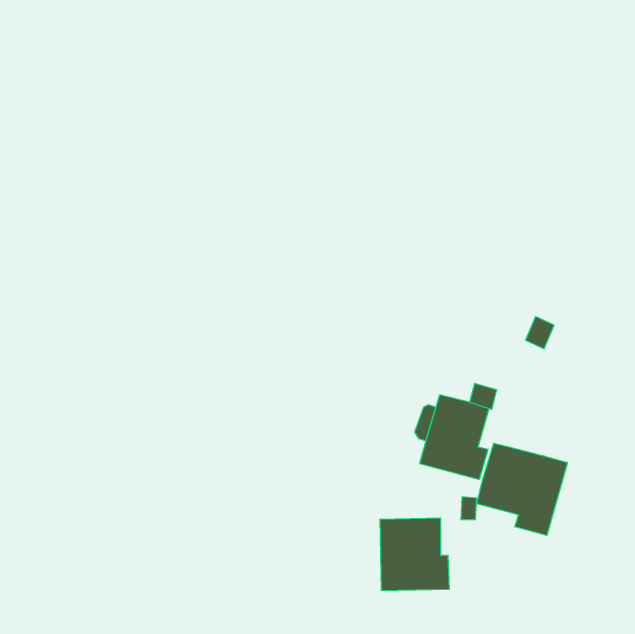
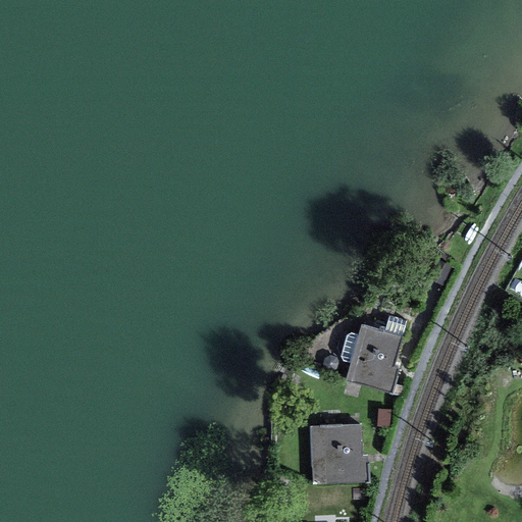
building: [477,443,568,535] -> none

